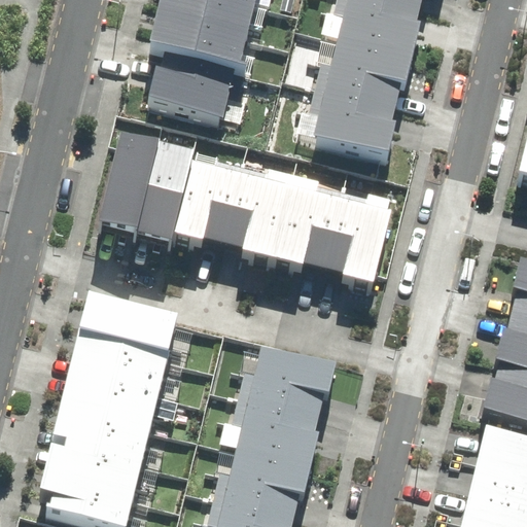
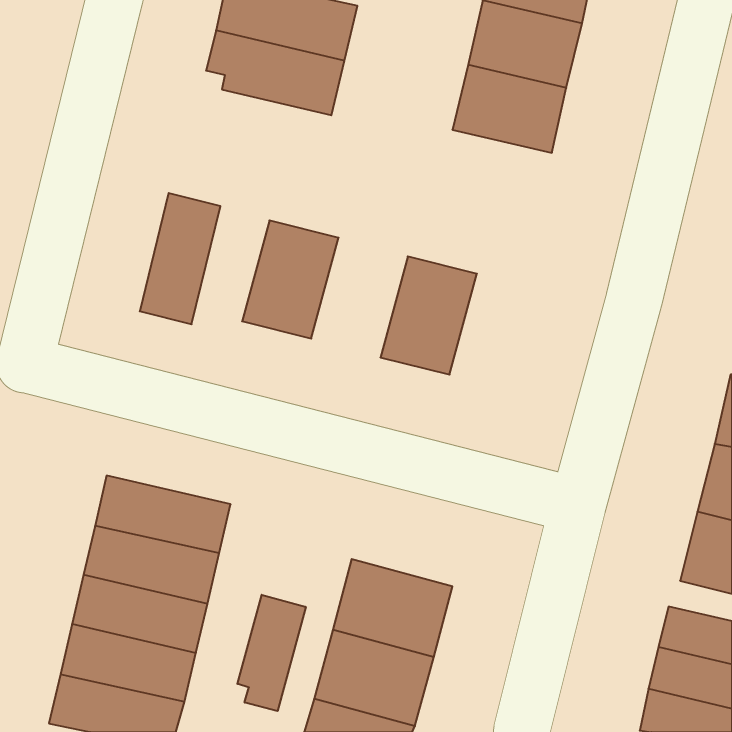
building: [149,64,237,121] -> none
building: [313,93,394,155] -> none
building: [137,147,192,240] -> none
building: [222,170,291,255] -> none
building: [321,196,389,281] -> none
building: [76,305,173,360] -> none
building: [251,350,337,419] -> none
building: none -> [237,595,306,711]

